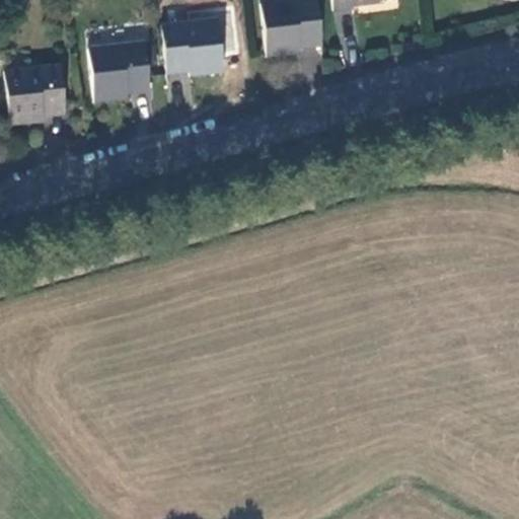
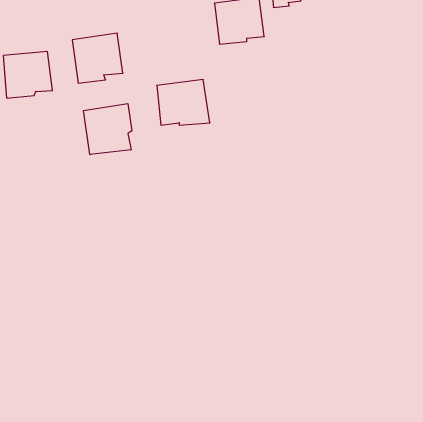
building: [164,17,229,73] -> [157,80,210,125]
building: none -> [84,104,132,155]

